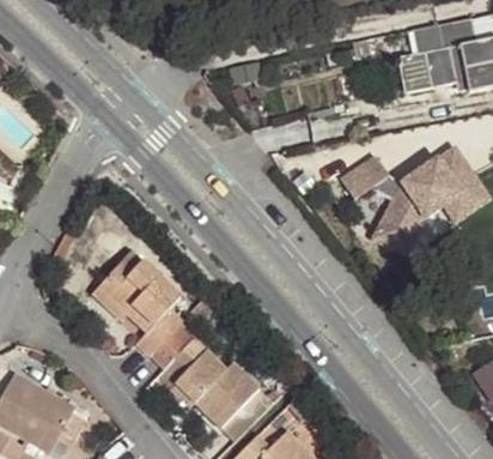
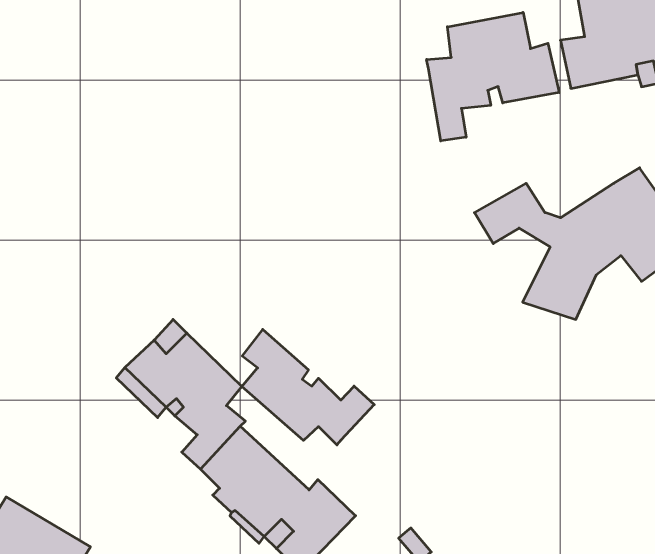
building: none -> [427,12,559,141]
building: none -> [242,329,374,445]

